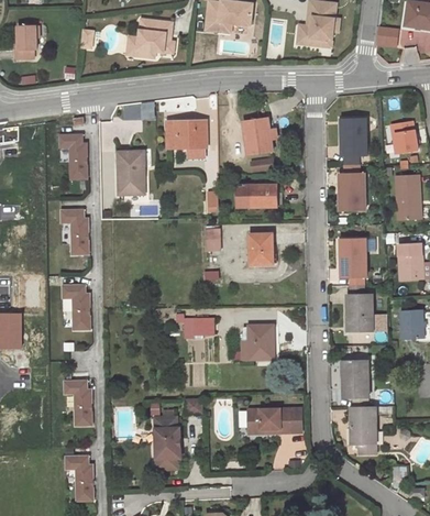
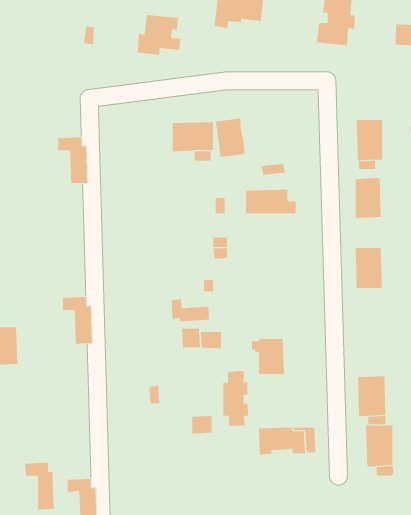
building: [15,23,37,58] -> none
building: [243,118,272,155] -> [215,118,245,158]
building: [117,151,143,194] -> none
building: [60,210,89,254] -> none
building: [249,233,273,263] -> none
building: none -> [171,299,209,322]
building: [345,293,372,331] -> none
building: [65,381,93,426] -> [24,462,54,510]
building: [156,417,181,470] -> [222,371,249,427]

